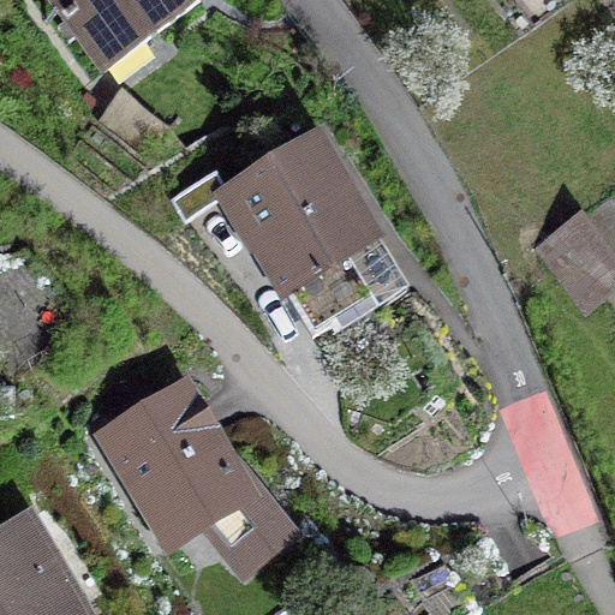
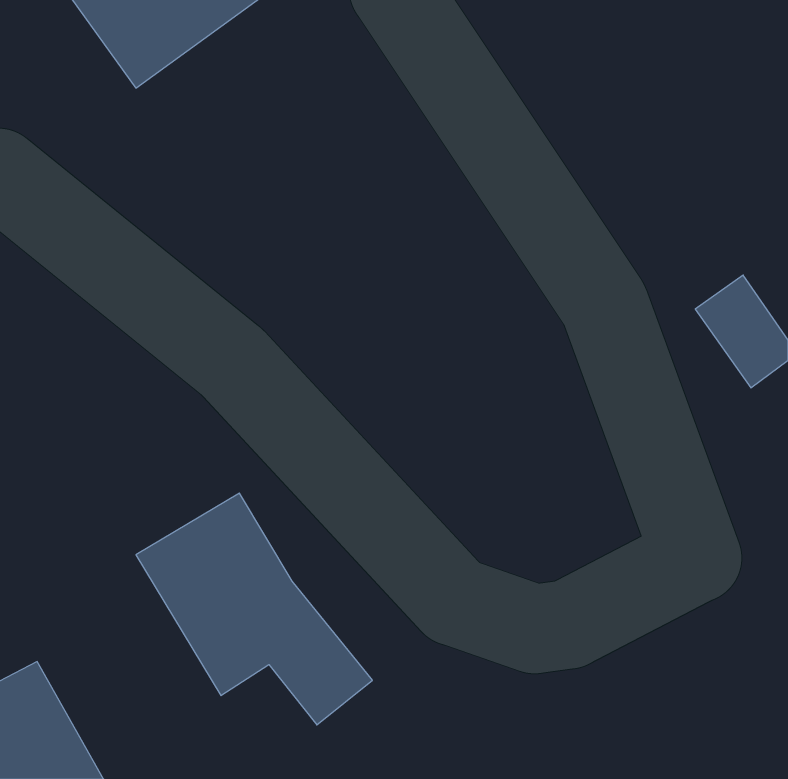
building: [226,137,372,330] -> none

